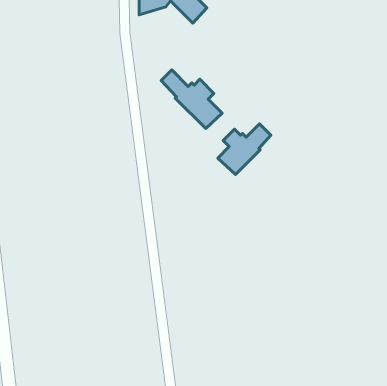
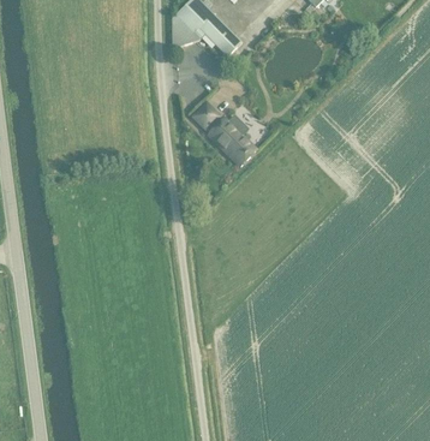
building: [218,124,271,175] -> none

